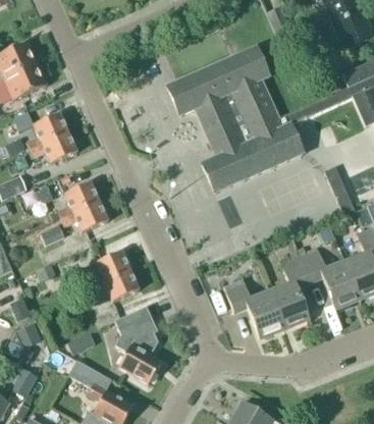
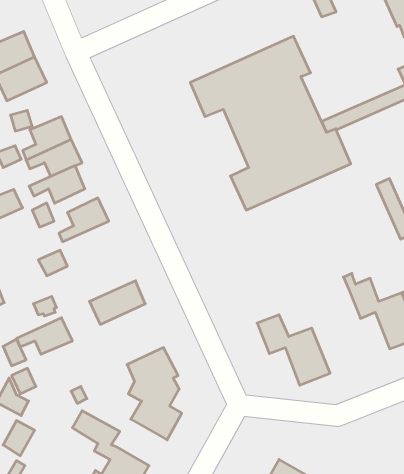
building: [61,200,108,231] -> [29,166,85,203]
building: [270,256,311,327] -> none
building: [93,269,140,300] -> [17,318,72,354]

